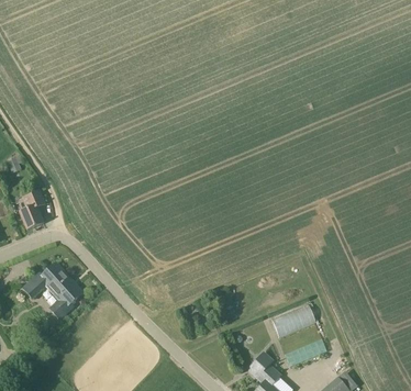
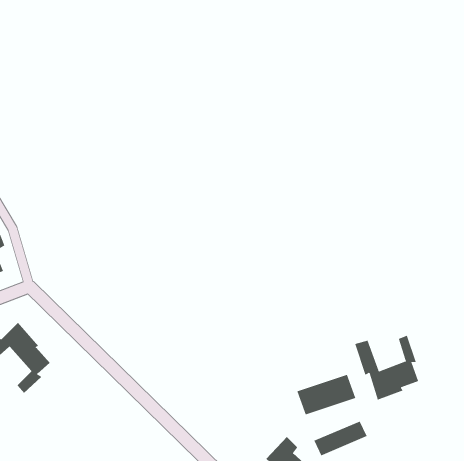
building: none -> [354,335,419,401]

